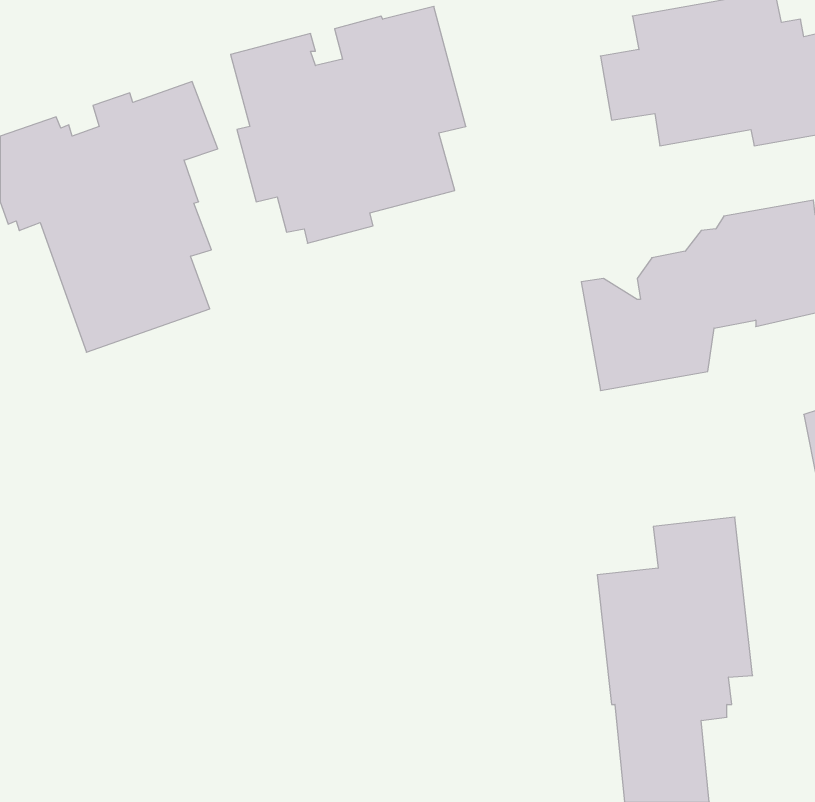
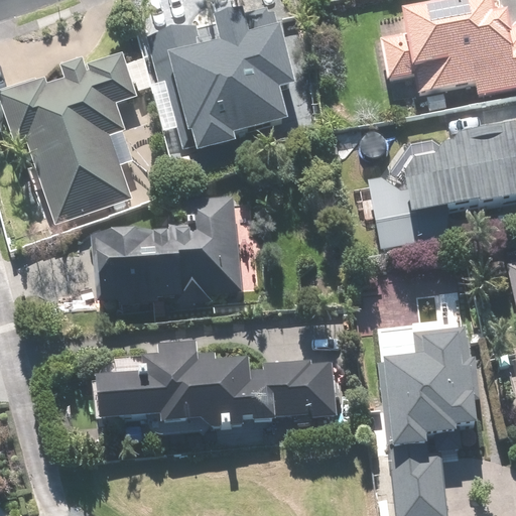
building: none -> [91,192,244,304]
building: none -> [95,342,338,429]

